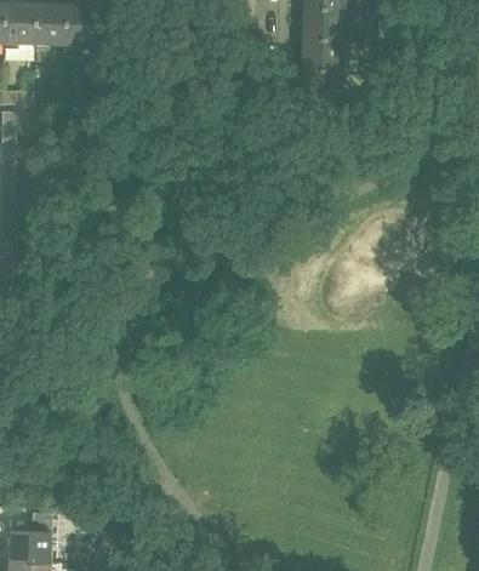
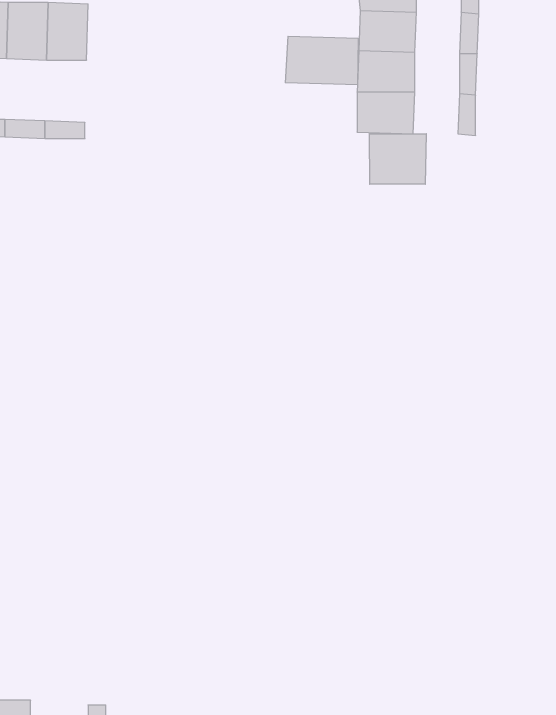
building: none -> [285,36,358,85]
building: none -> [369,134,426,184]

